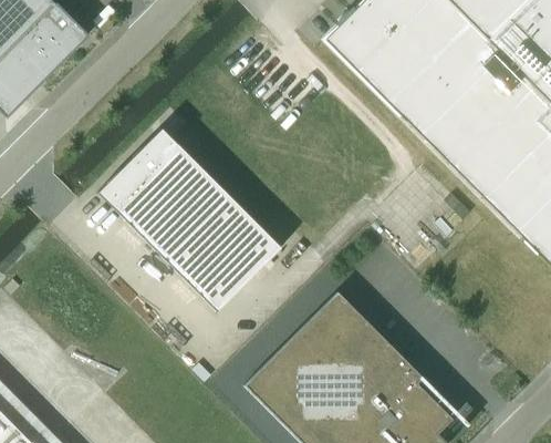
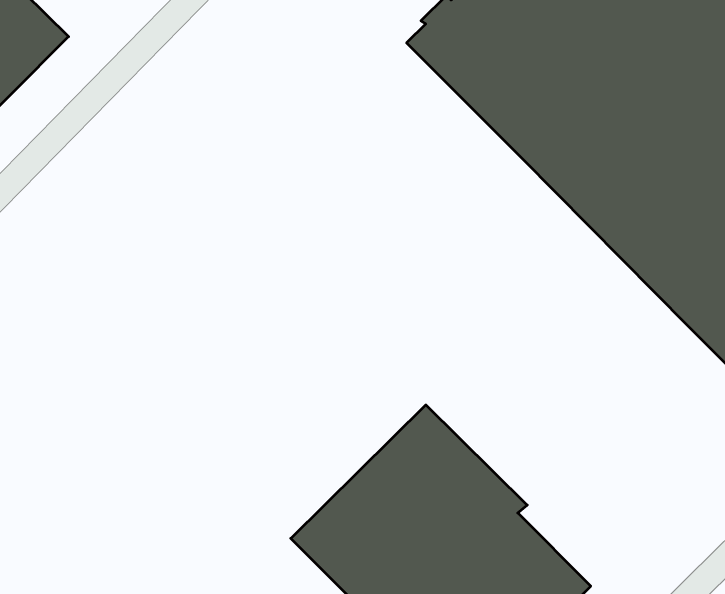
building: [97,125,281,309] -> none

